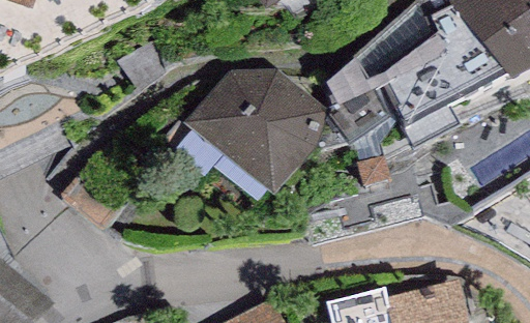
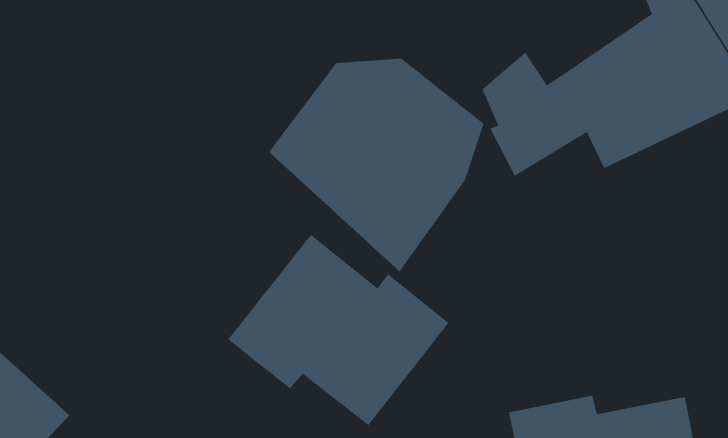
building: none -> [227,234,450,426]

